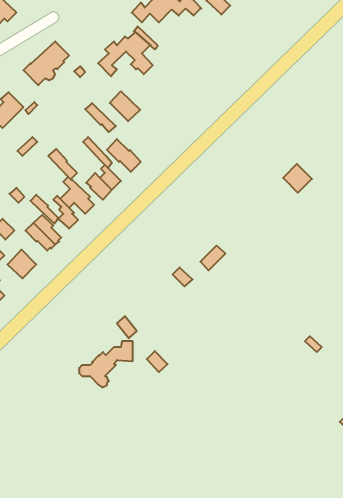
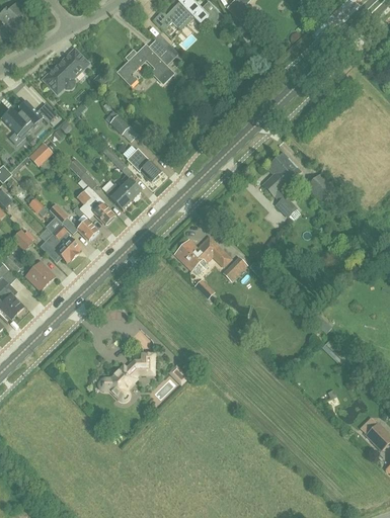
building: [110,91,140,121] -> none
building: none -> [263,152,301,217]
building: none -> [174,237,230,269]

